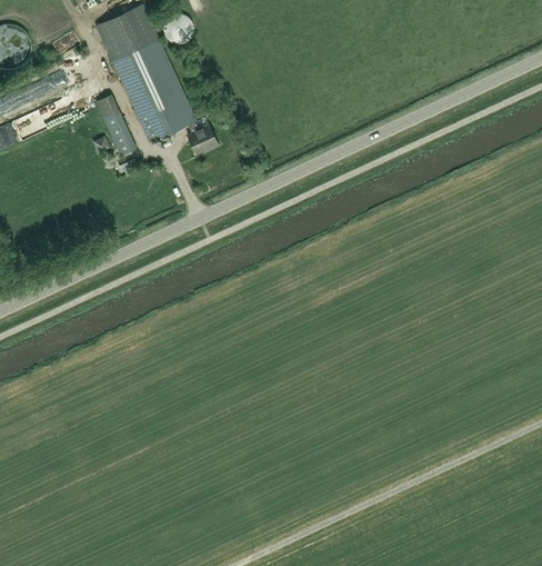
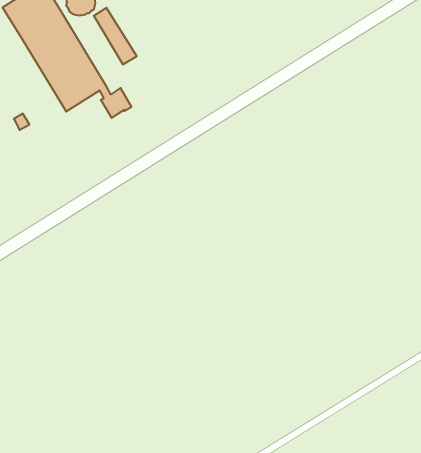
building: [97,95,137,156] -> [94,8,137,64]

